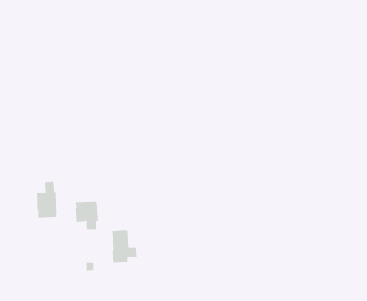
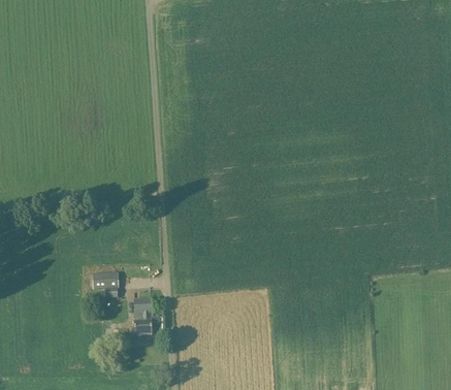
building: [37,181,57,218] -> none

